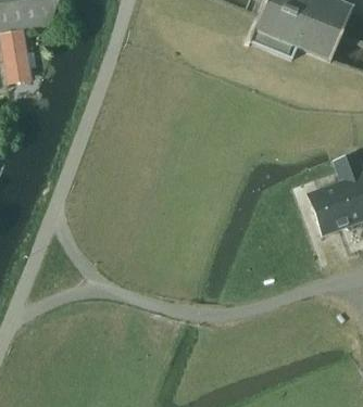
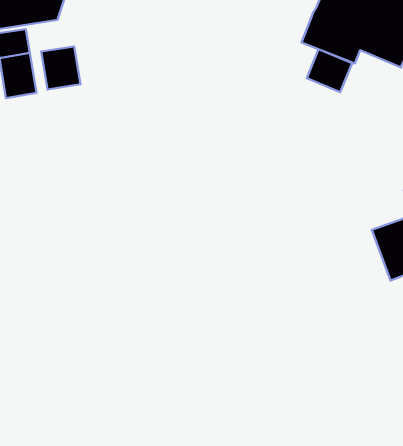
building: none -> [41,46,81,89]
building: none -> [307,49,352,92]

